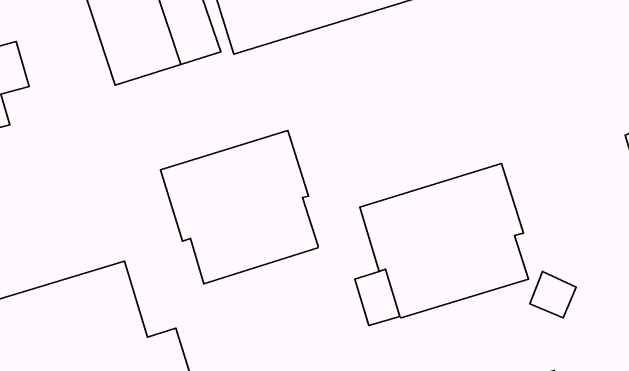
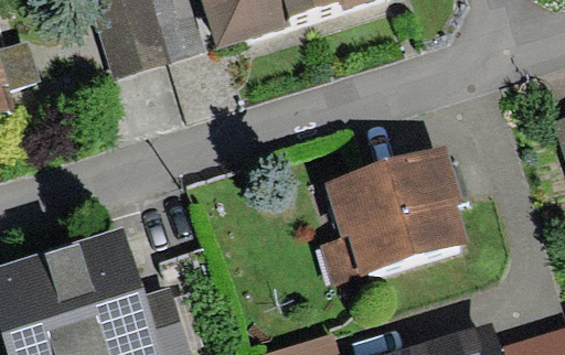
building: [161,131,318,284] -> none

